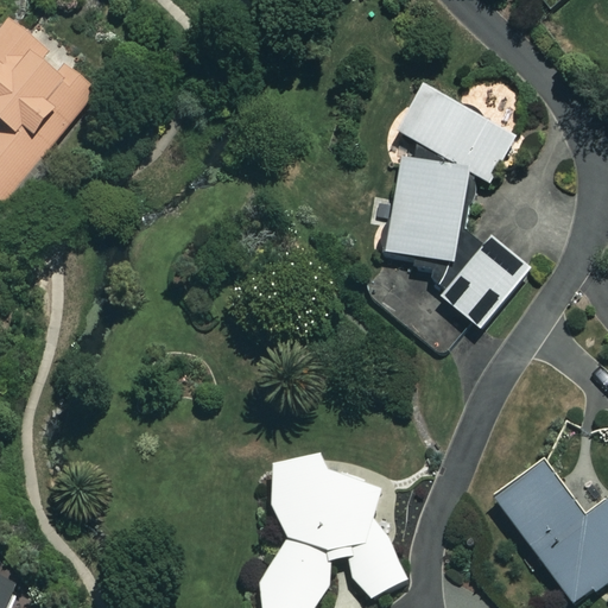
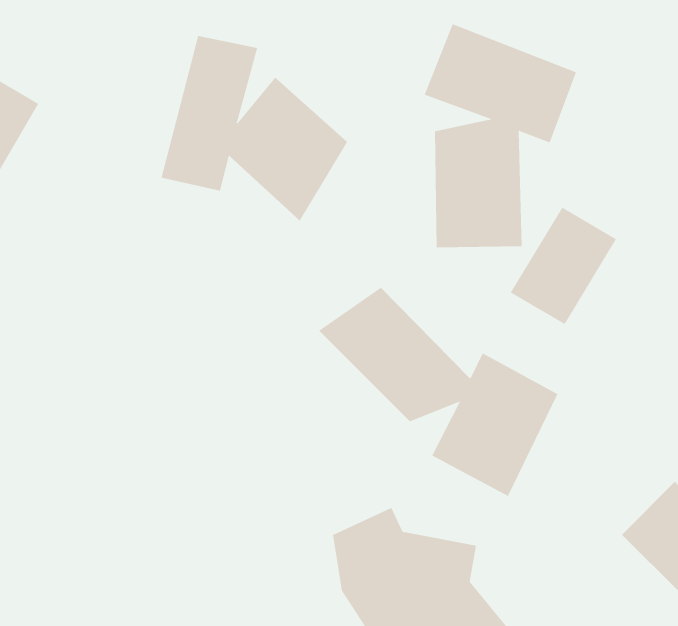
building: none -> [161,35,348,222]
building: none -> [318,287,558,497]

